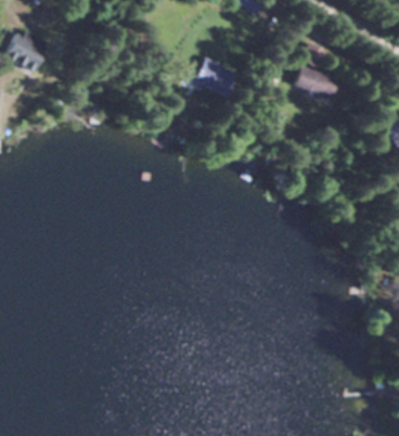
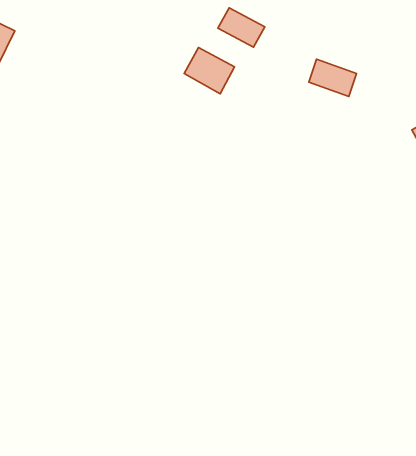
building: none -> [218,8,265,47]

